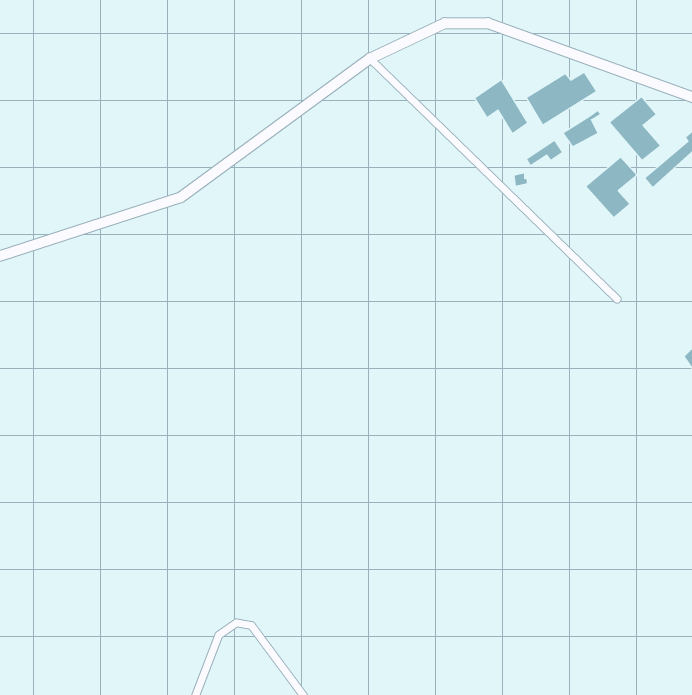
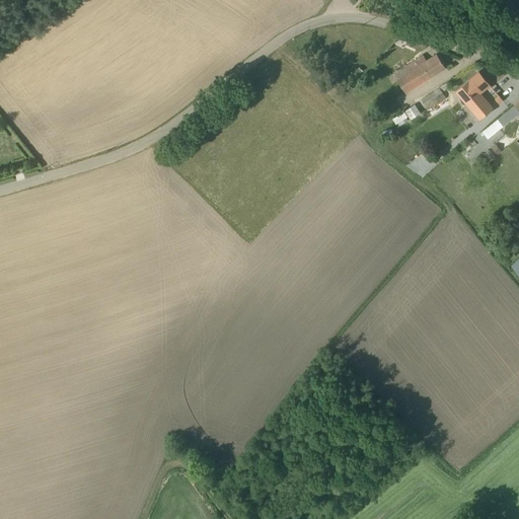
building: [475,80,528,134] -> none
building: [586,157,637,218] -> none

